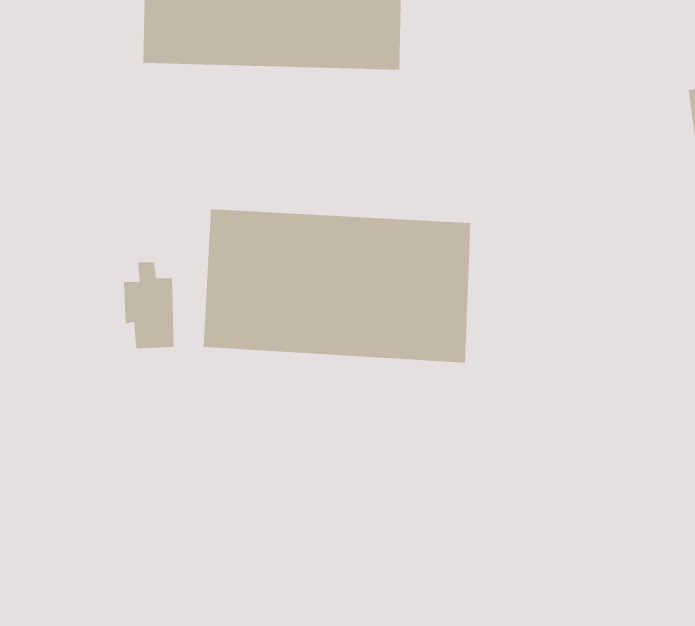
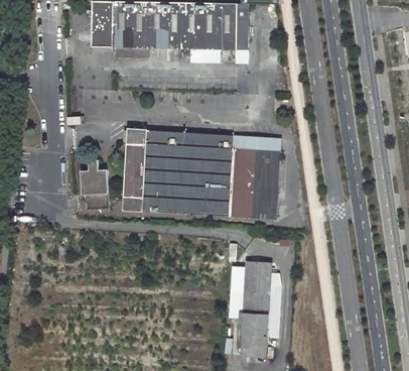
building: none -> [229,261,270,356]

